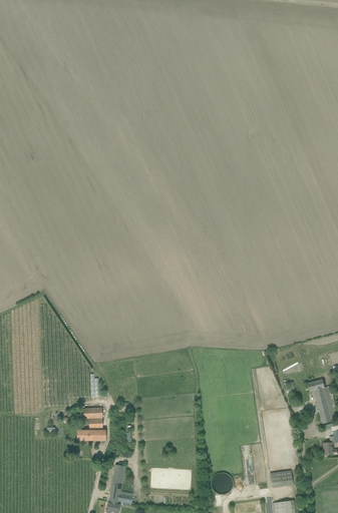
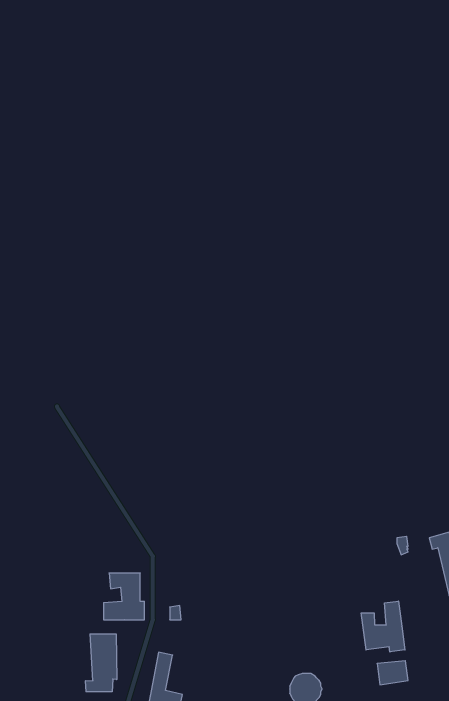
building: none -> [361,601,405,652]
building: none -> [86,634,117,692]

